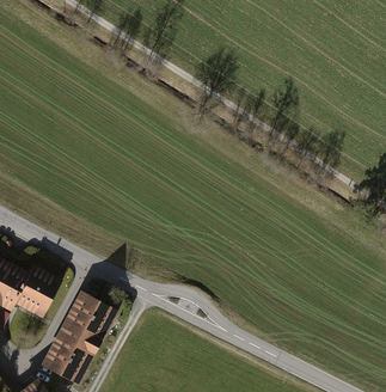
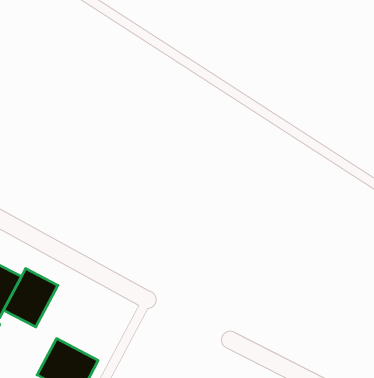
building: [60,290,120,349] -> none

